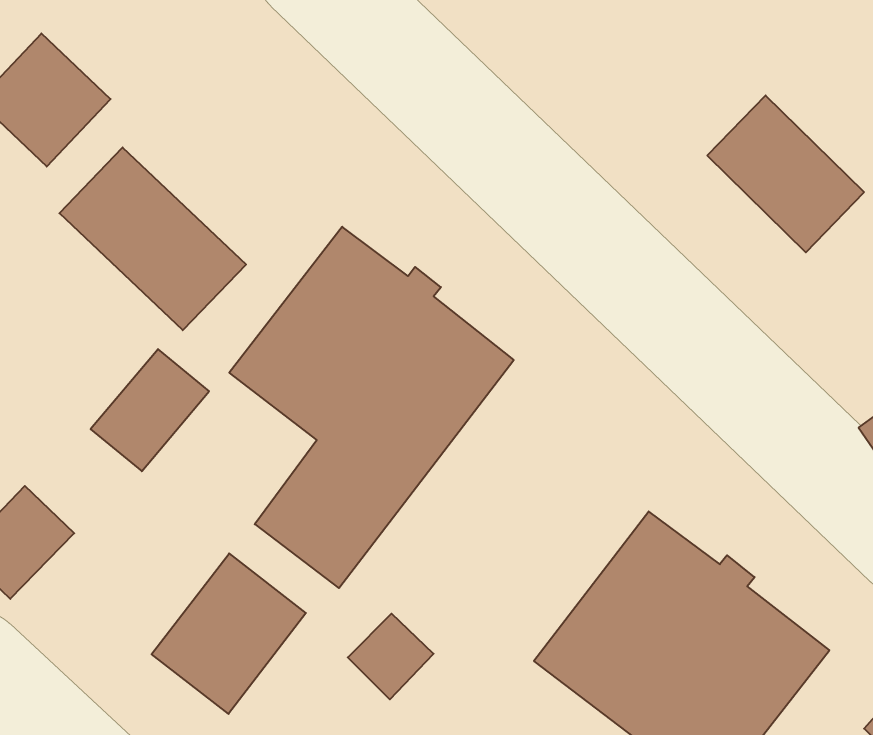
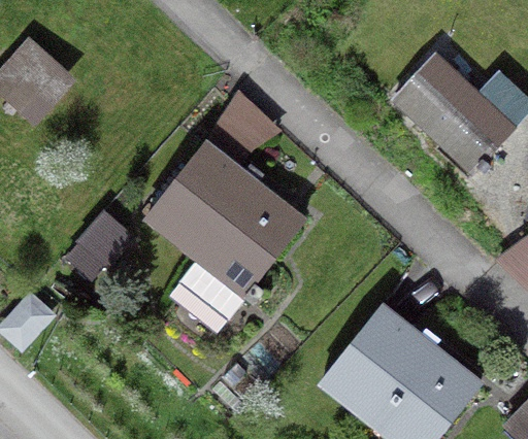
building: [59,147,246,330] -> none
building: [152,553,306,714] -> none

